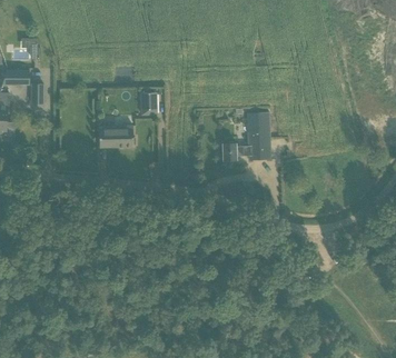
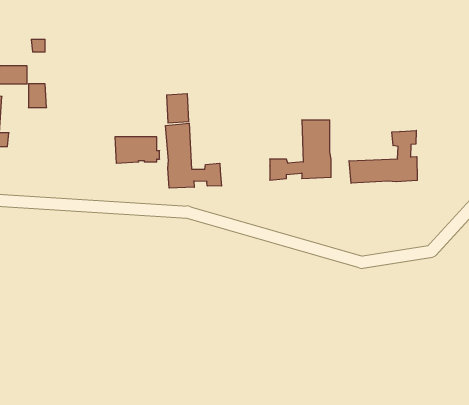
building: none -> [166,123,222,188]
building: none -> [349,130,417,183]

